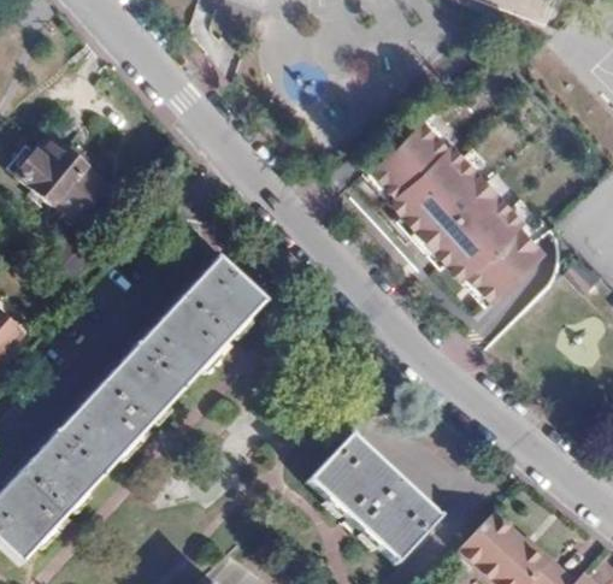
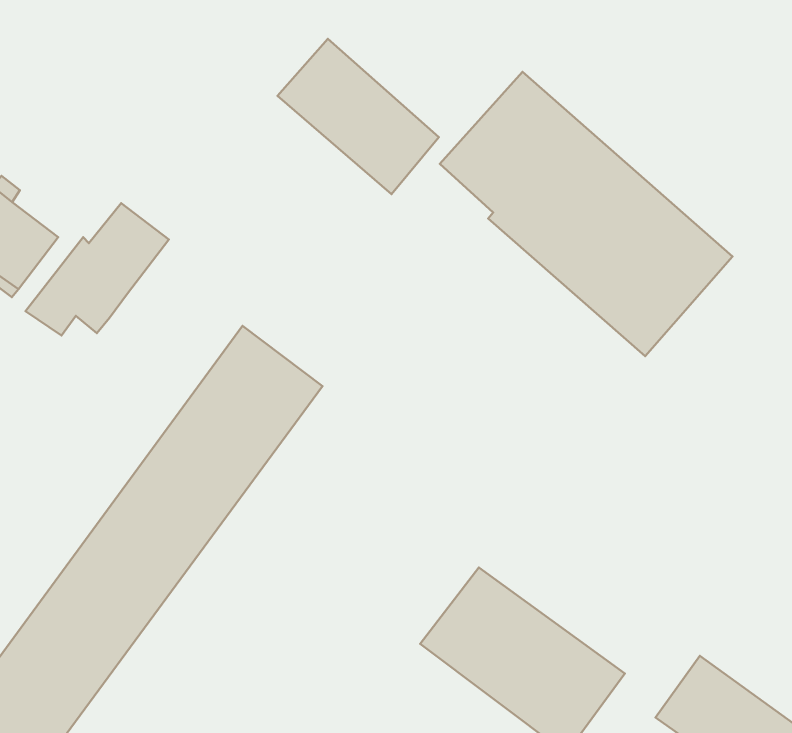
building: none -> [278,39,439,194]
building: none -> [25,203,169,335]

